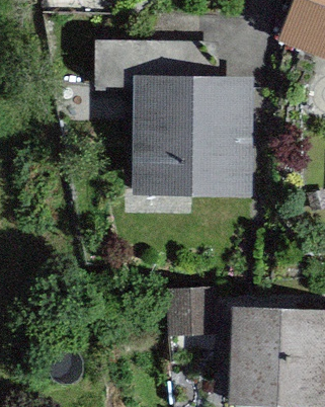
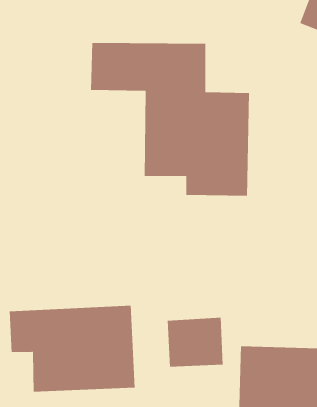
building: none -> [9,305,135,392]

